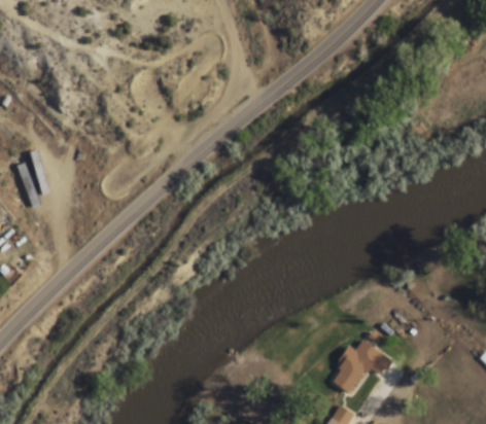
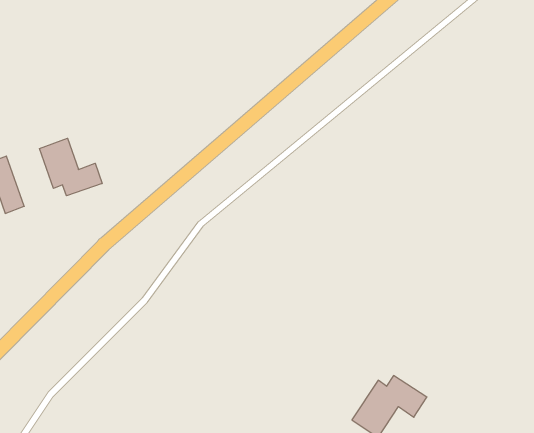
building: none -> [39,138,102,196]

